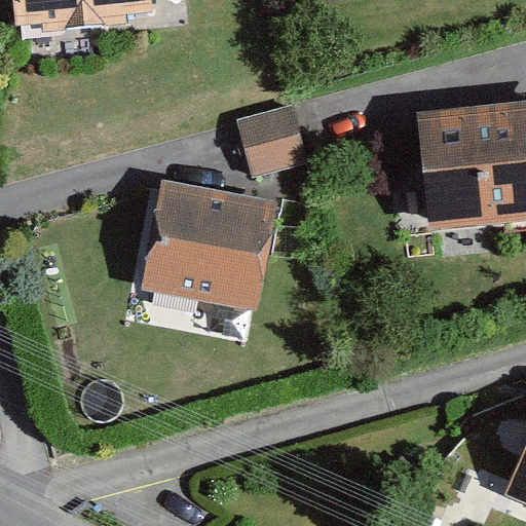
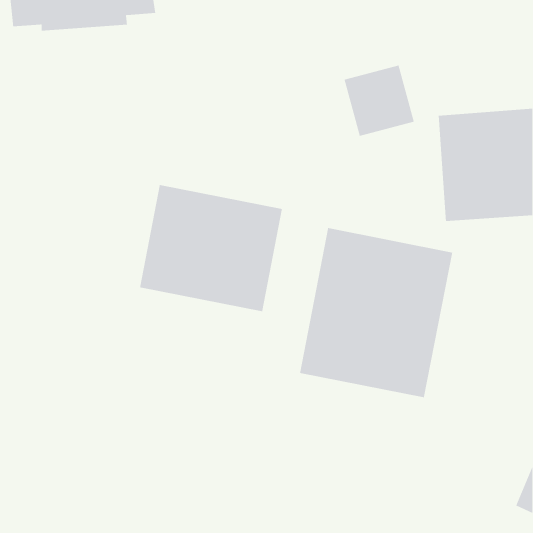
building: [235,105,305,176] -> [344,64,415,137]
building: none -> [299,227,453,398]

